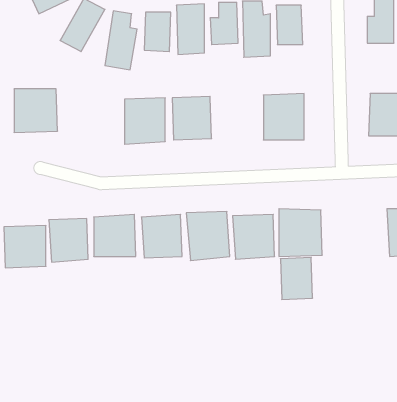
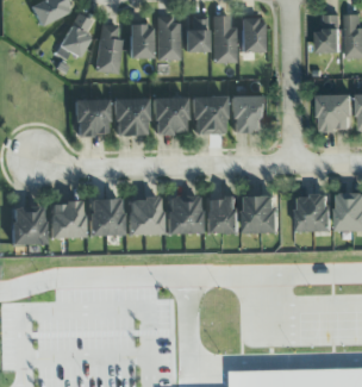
building: [14,89,58,132] -> [70,99,107,136]
building: none -> [188,95,225,135]
building: [280,257,313,299] -> [300,194,327,230]

